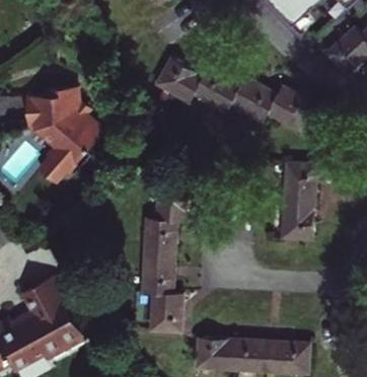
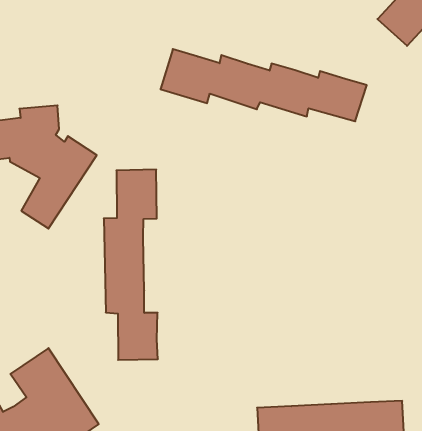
building: [283,165,320,242] -> none
building: [140,181,192,329] -> [104,170,158,360]

